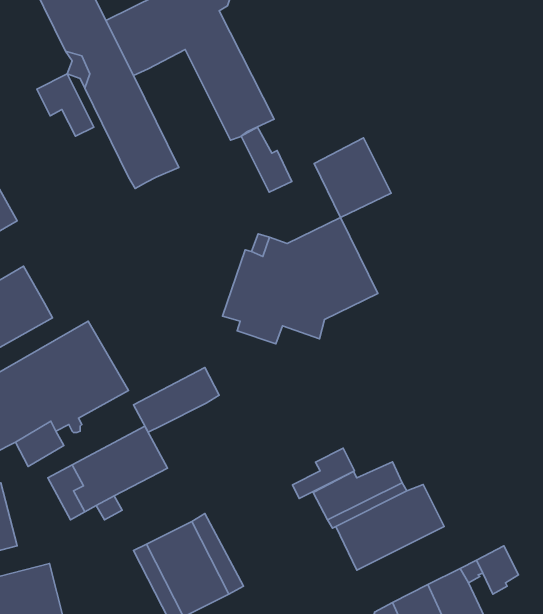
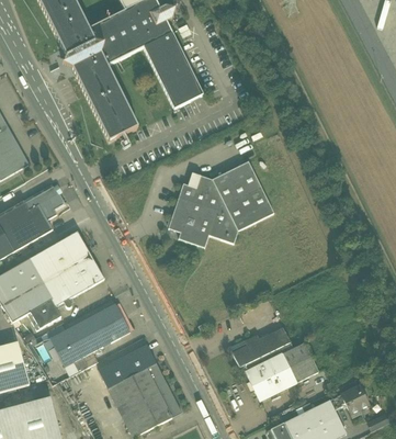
building: [37,74,94,136] -> none
building: [241,127,292,192] -> none
building: [314,138,391,218] -> none
building: none -> [33,183,64,219]
building: [134,368,219,432] -> [98,344,156,387]
building: [293,448,354,499] -> none

